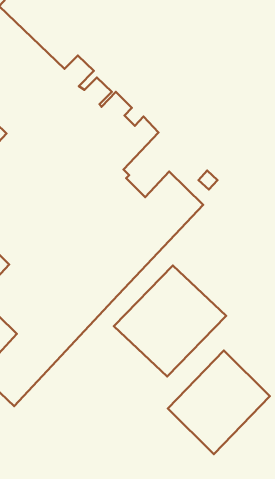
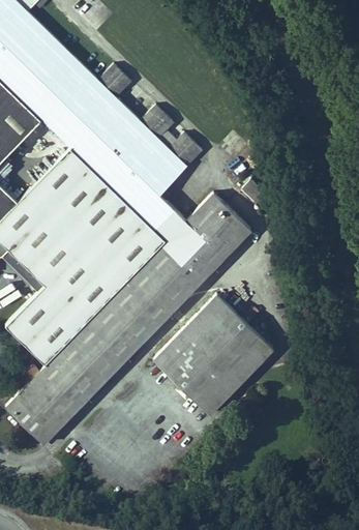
building: [168,351,270,454] -> none

